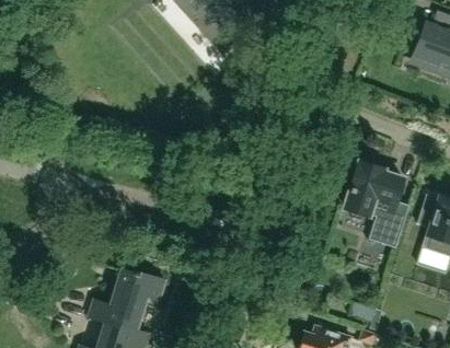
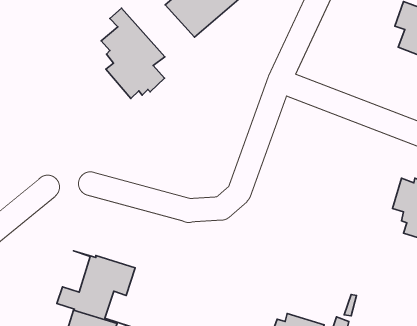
building: none -> [101,8,165,98]
building: [345,161,403,247] -> none

